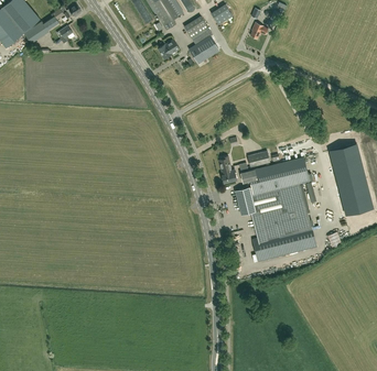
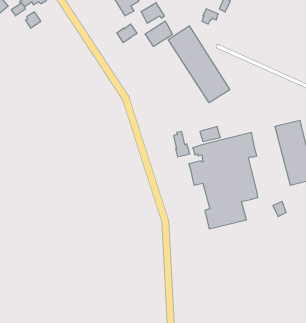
building: none -> [168,26,230,103]

